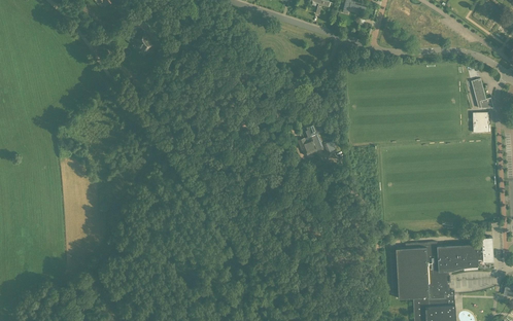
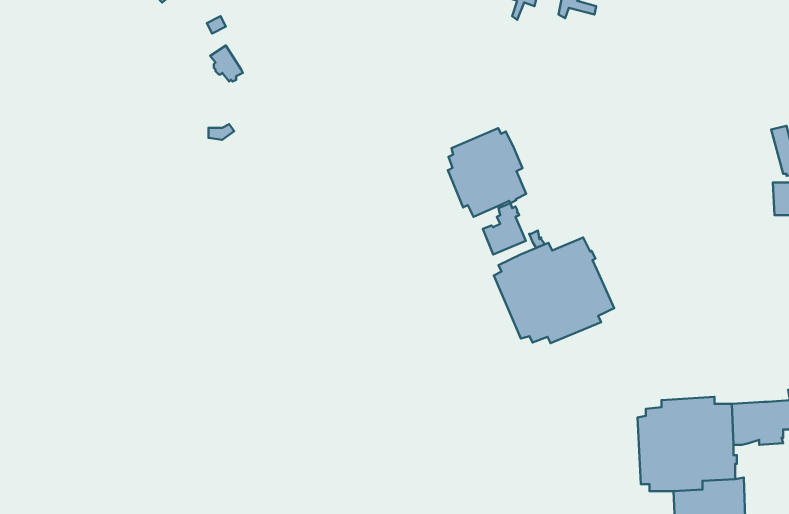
building: none -> [448,128,526,217]
building: none -> [494,237,614,343]

